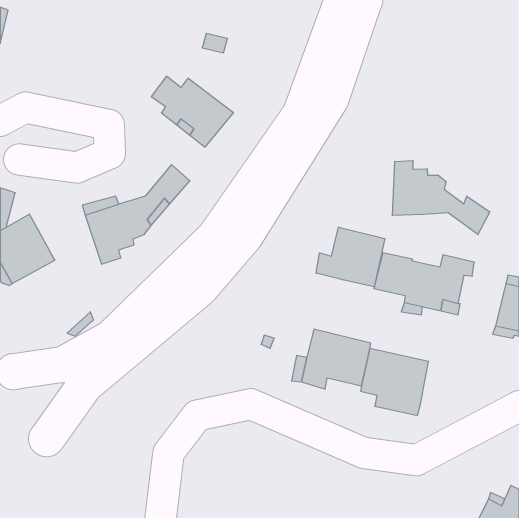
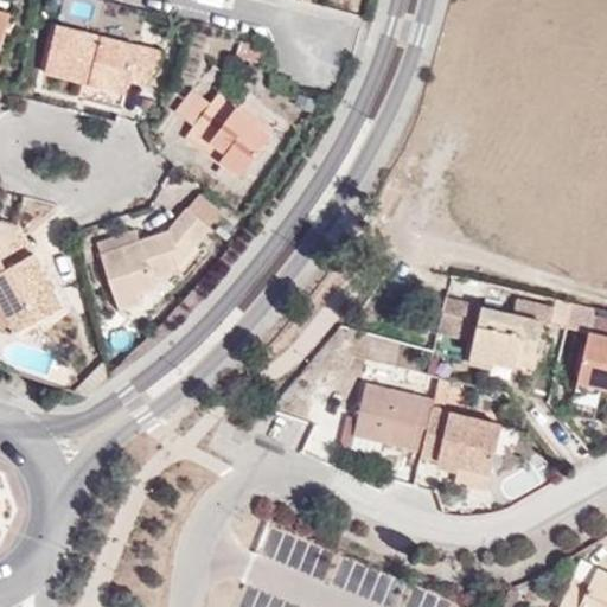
building: none -> [44,24,161,92]
building: [392,160,490,235] -> none
building: [316,227,385,287] -> none

